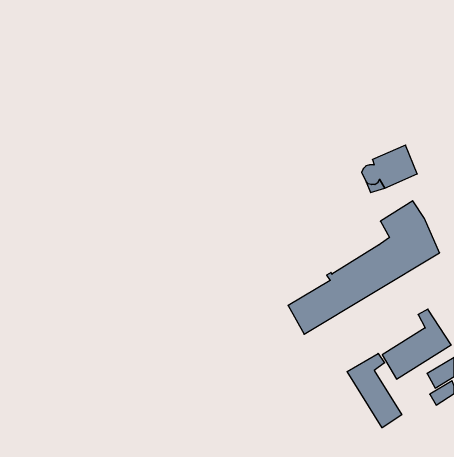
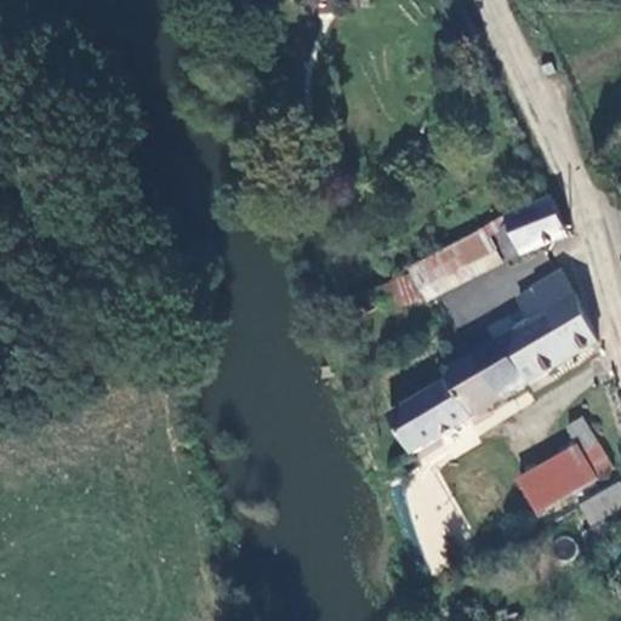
building: none -> [406,227,492,287]
building: [347,353,402,428] -> none

